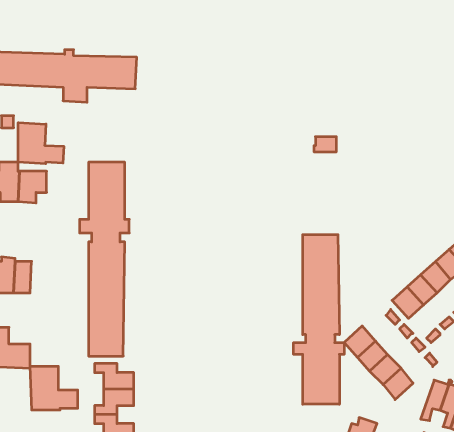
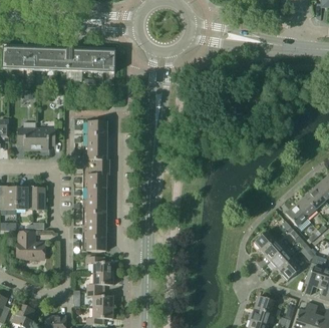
building: [18,123,64,164] -> none
building: [294,235,344,404] -> none
building: [30,366,78,410] -> none

